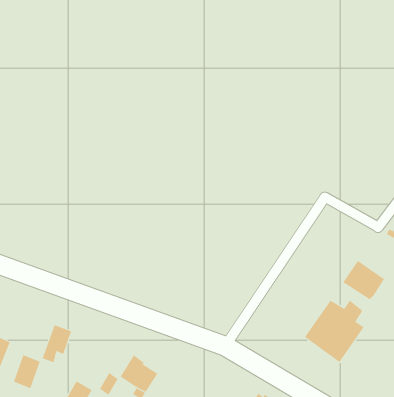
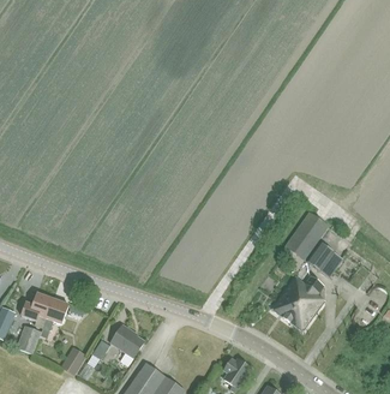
building: none -> [284,211,329,261]
building: none -> [20,292,53,328]

